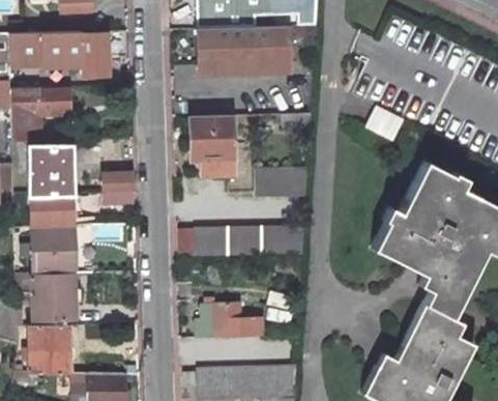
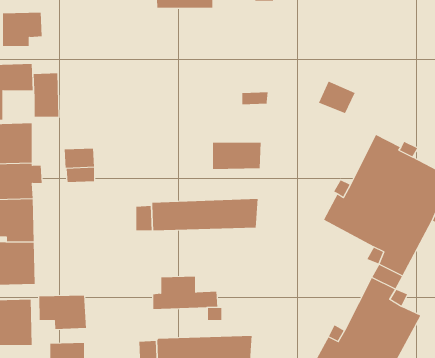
building: [200,26,291,73] -> none
building: [82,31,109,77] -> [33,73,59,117]
building: [191,117,235,173] -> none
building: none -> [39,295,86,330]

